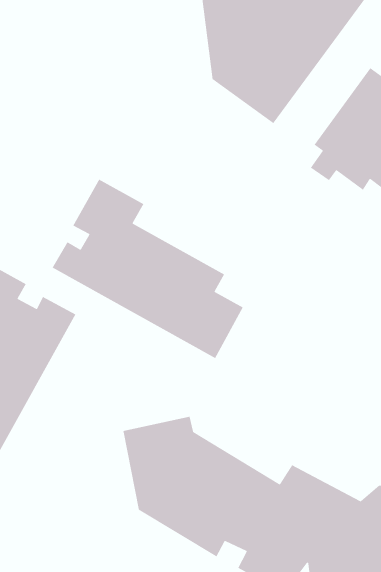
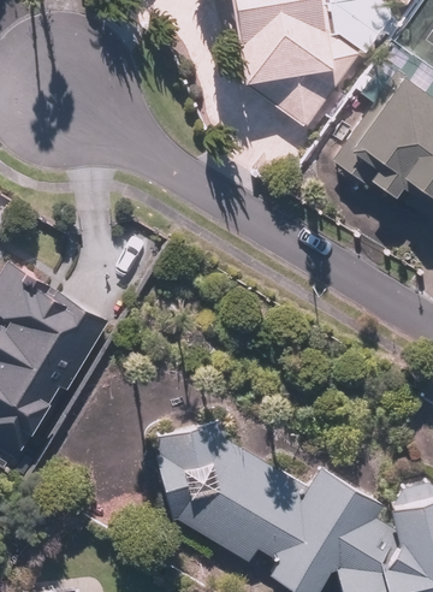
building: [52,178,244,359] -> none

